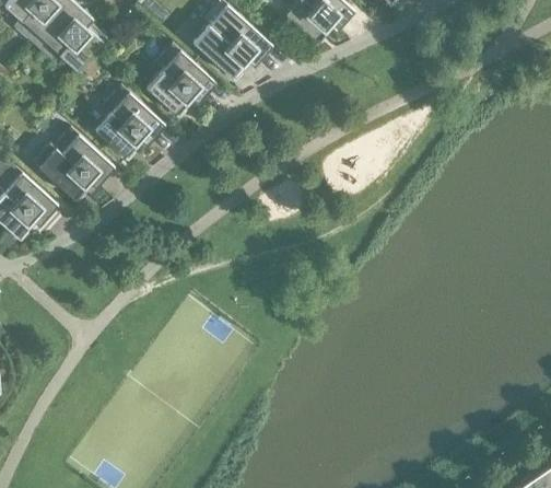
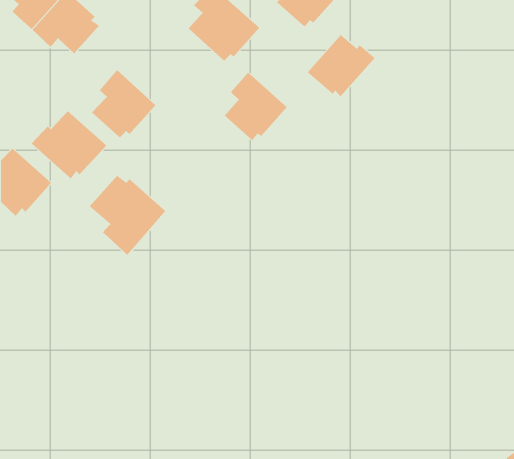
building: [145,43,211,114] -> [224,72,288,141]
building: none -> [307,34,376,97]
building: none -> [89,175,166,256]

